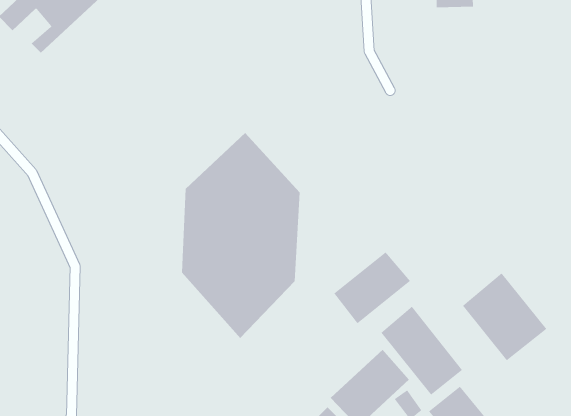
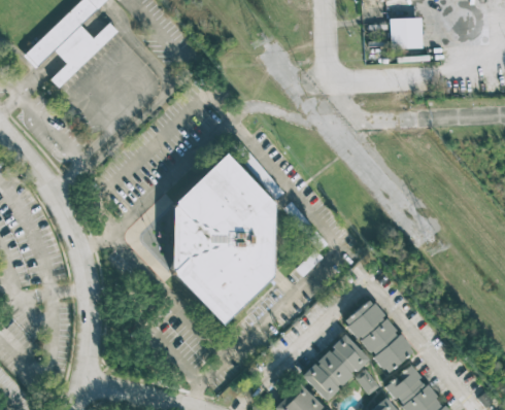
building: [333,251,411,324] -> none
building: [462,272,547,361] -> none

